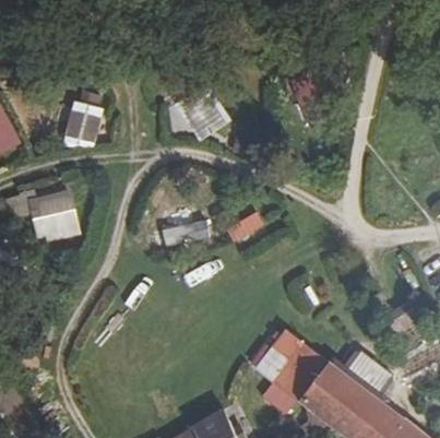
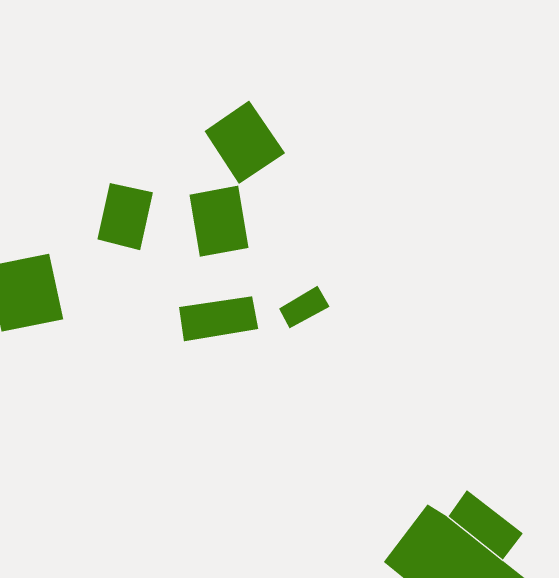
building: [61,100,100,147] -> [97,183,154,251]
building: none -> [189,185,249,257]
building: [253,328,328,401] -> none

